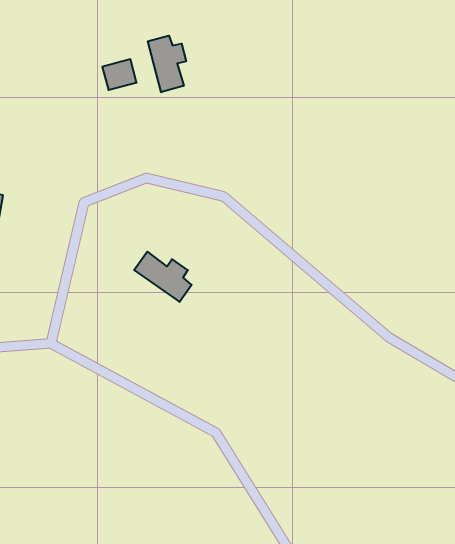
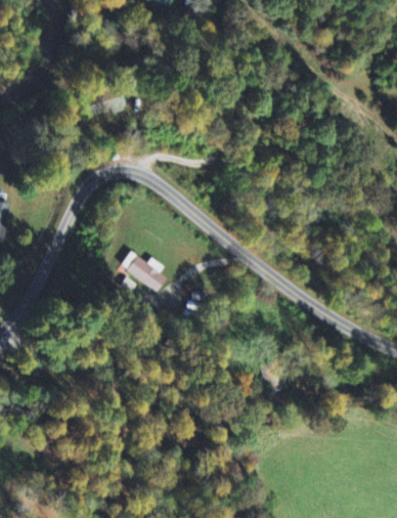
building: [148,36,186,92] -> none

